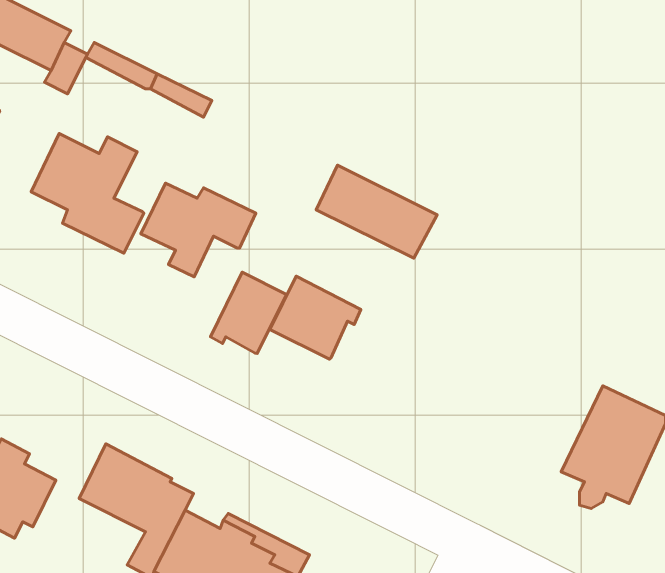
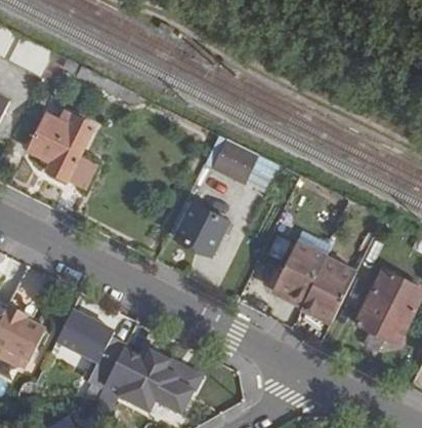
building: [141,183,256,277] -> none
building: [211,272,287,353] -> none
building: none -> [271,242,355,322]

